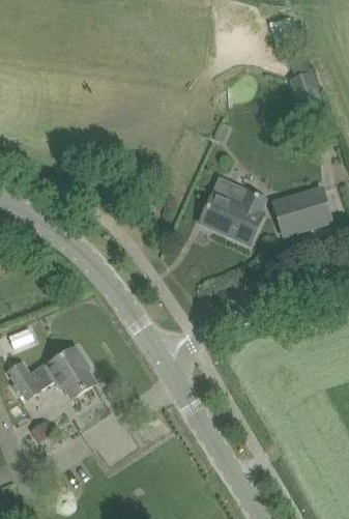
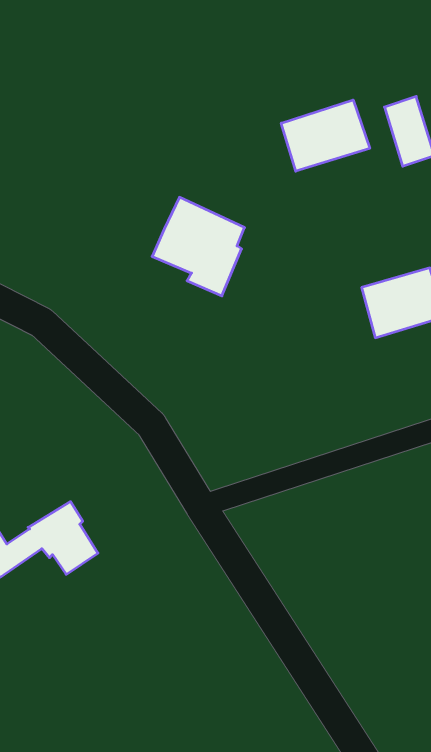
building: none -> [281,100,370,171]
building: [201,177,264,244] -> [152,197,245,296]

